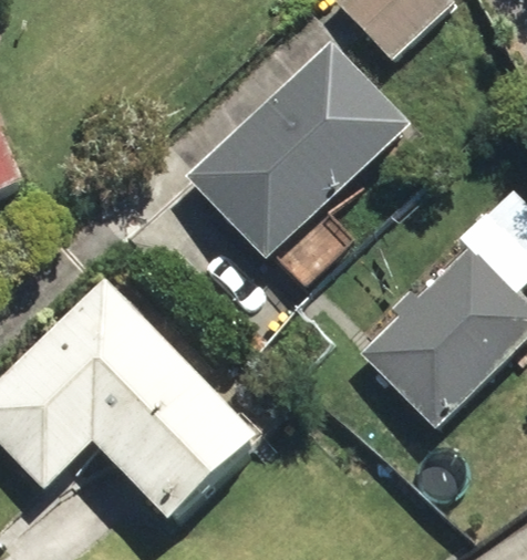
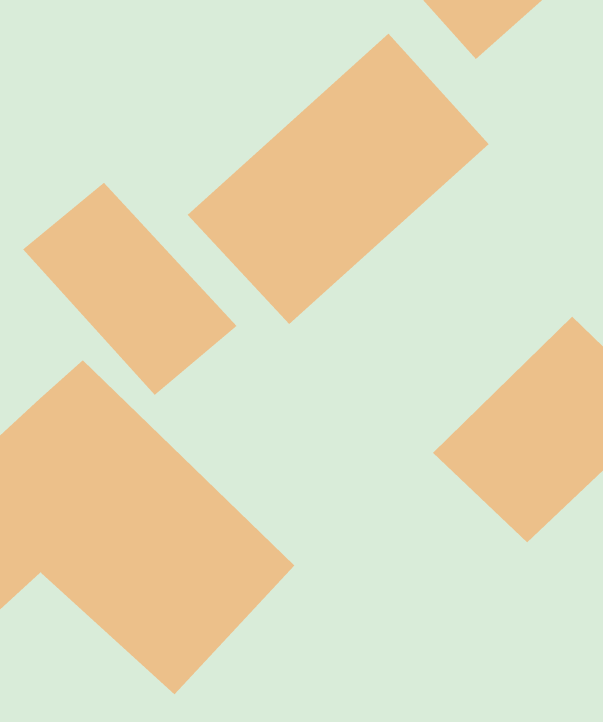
building: none -> [22,182,237,396]

